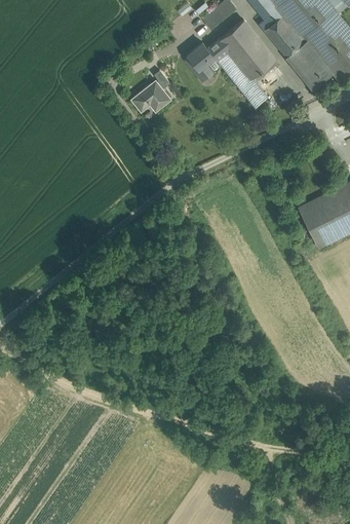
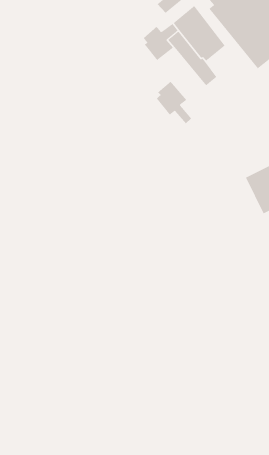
building: [131,81,170,111] -> none
building: none -> [156,81,192,124]

